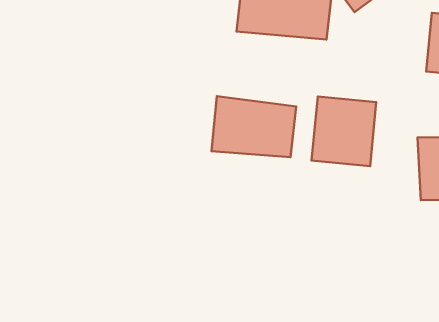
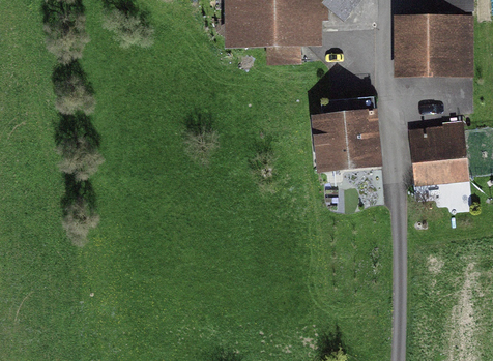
building: [211,96,296,157] -> none

